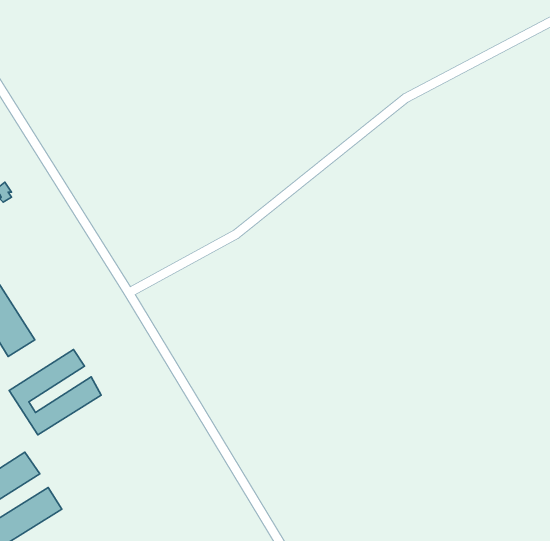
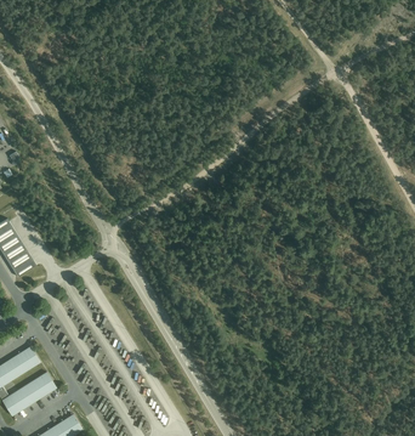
building: [9,349,101,435] -> none

